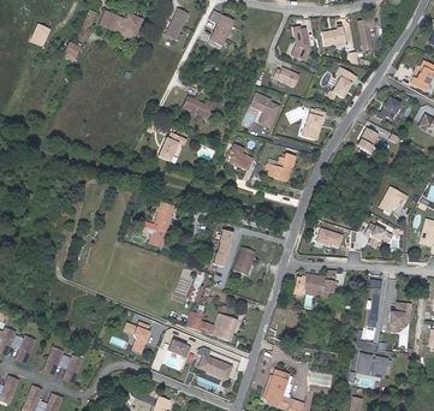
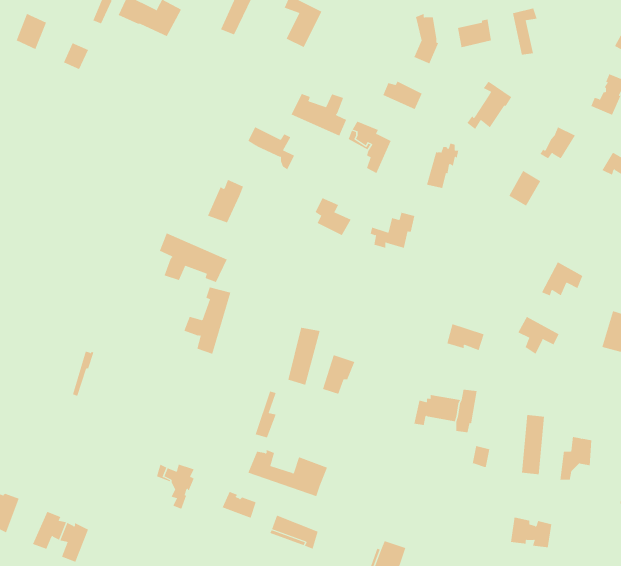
building: none -> [291,93,347,137]
building: none -> [159,232,228,283]

